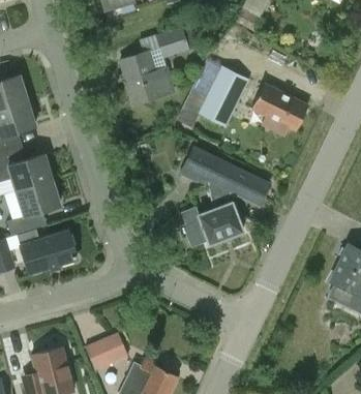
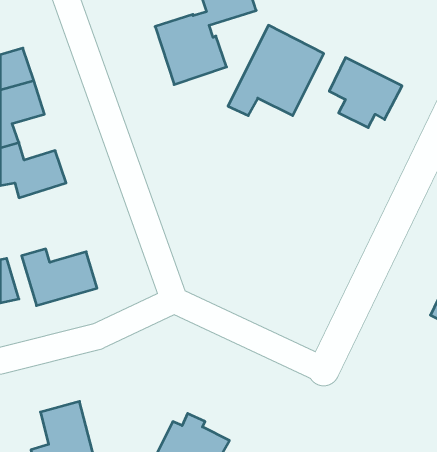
building: [181,147,270,246] -> none
building: [7,179,60,235] -> none
building: [86,333,128,369] -> none

